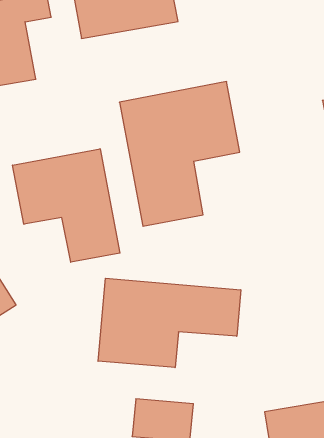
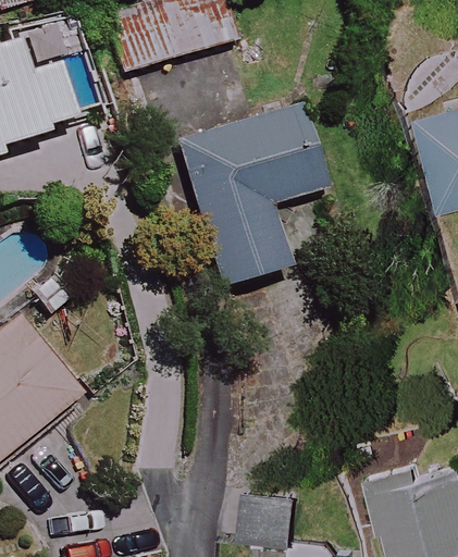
building: [13,149,120,262] -> none
building: [98,278,241,368] -> none

